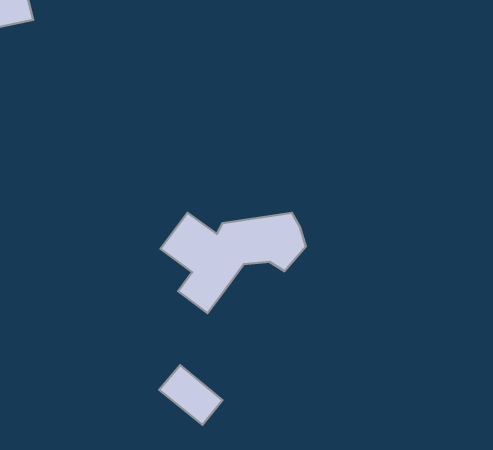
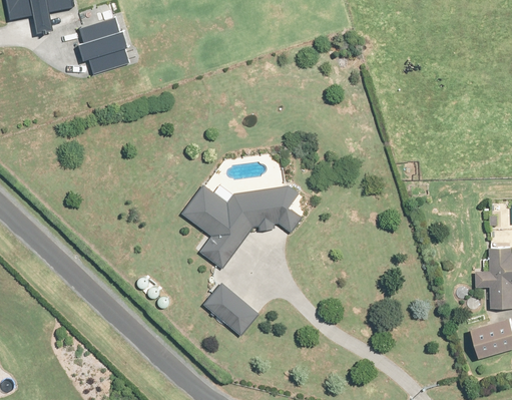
building: none -> [80,18,133,73]
building: [159,365,222,425] -> [203,283,258,334]

